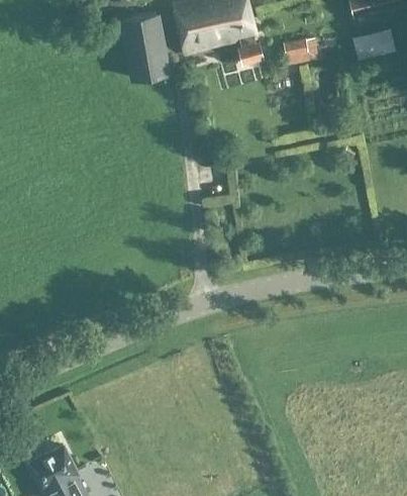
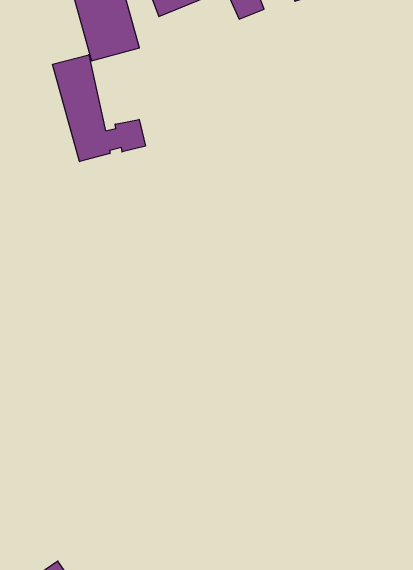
building: none -> [53,55,145,162]

